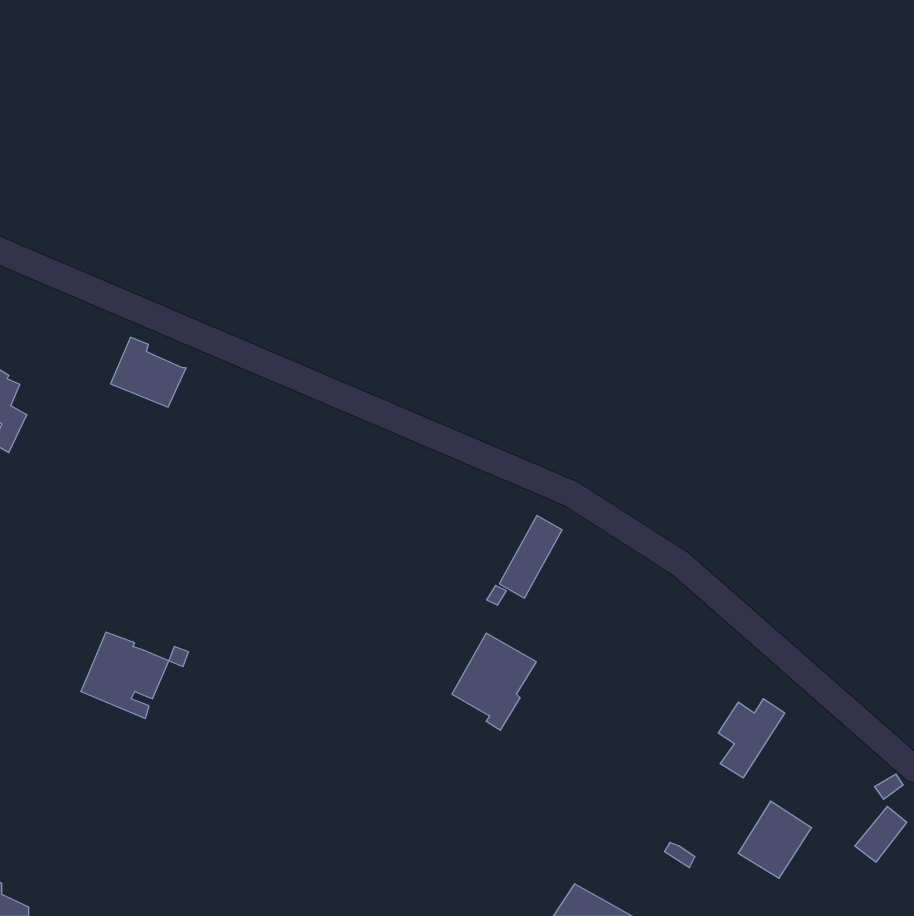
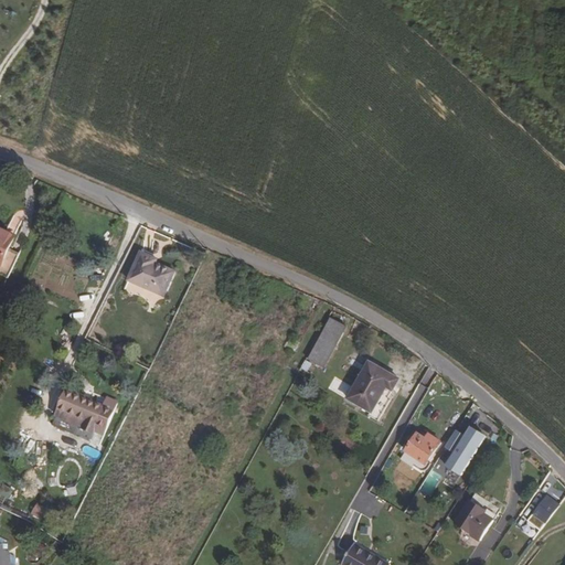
building: [111,337,186,407] -> [127,252,173,295]
building: [452,633,536,730] -> [347,361,398,420]
building: none -> [404,433,439,463]

